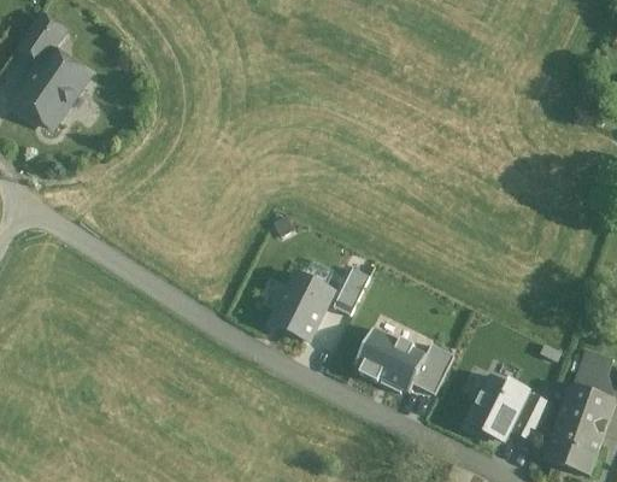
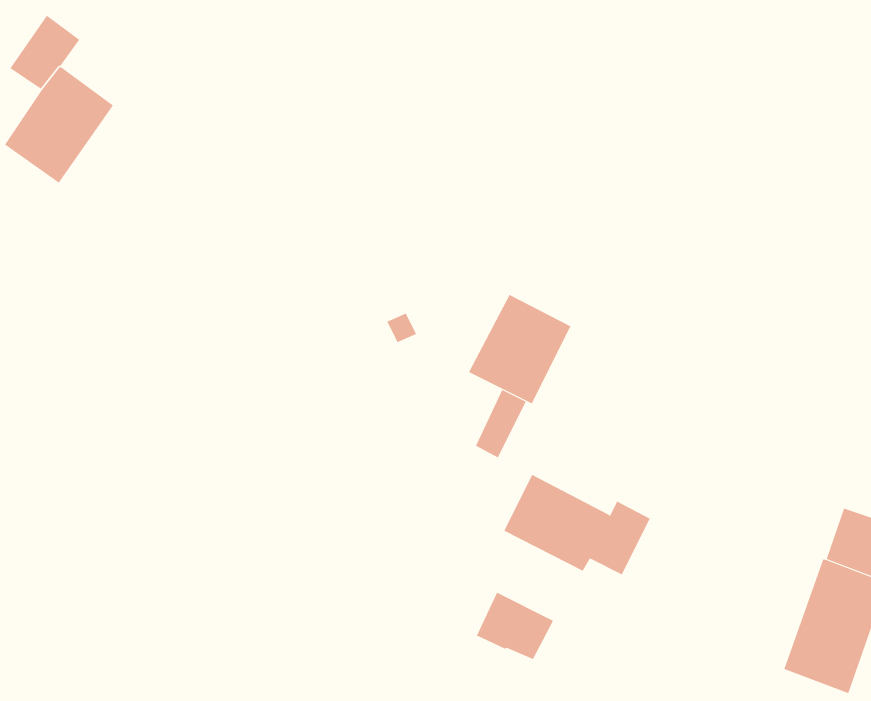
building: [266,269,336,343] -> [468,294,571,404]
building: [465,372,552,442] -> none
building: none -> [476,592,554,660]

